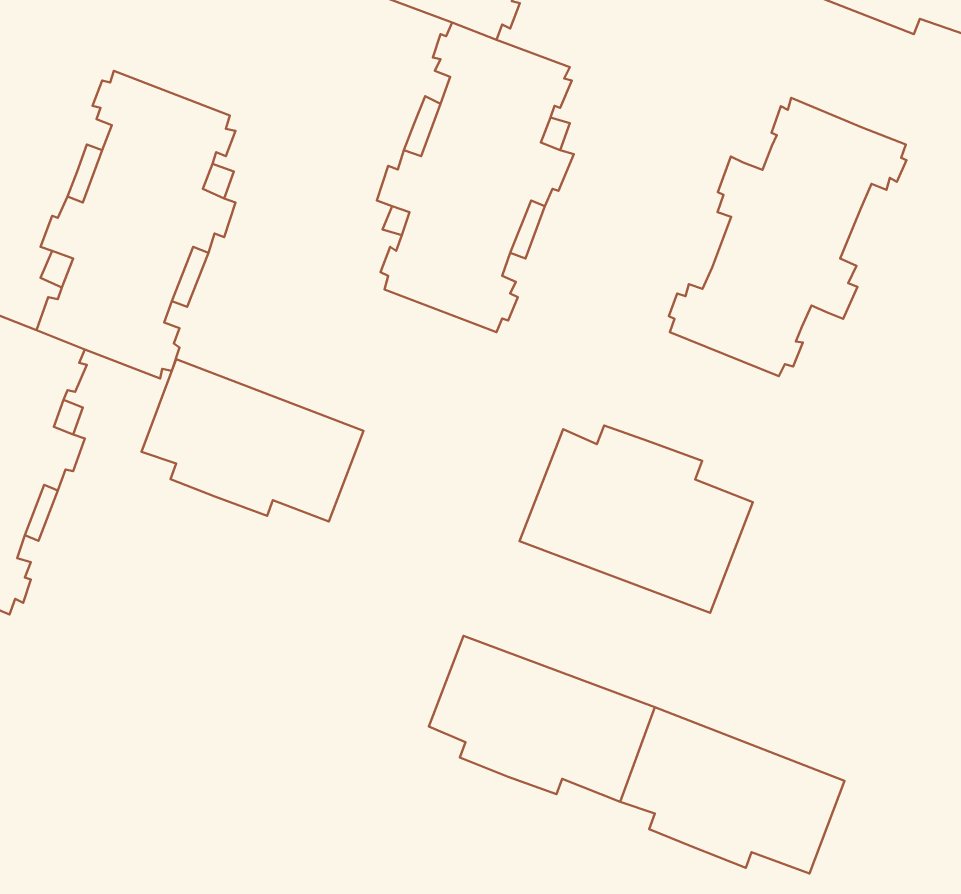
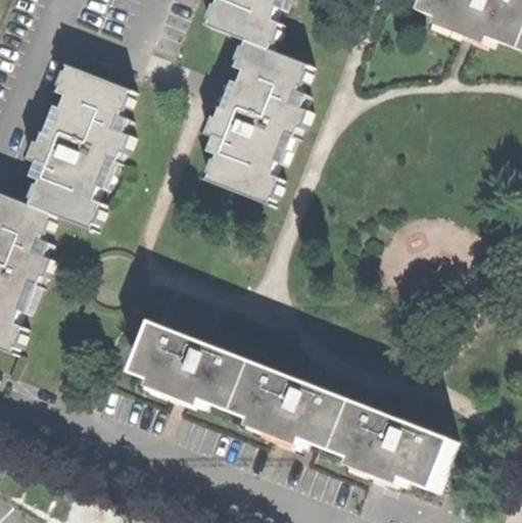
building: [669,98,907,376] -> none
building: [141,359,364,522] -> [131,324,248,410]
building: [519,426,753,613] -> none

